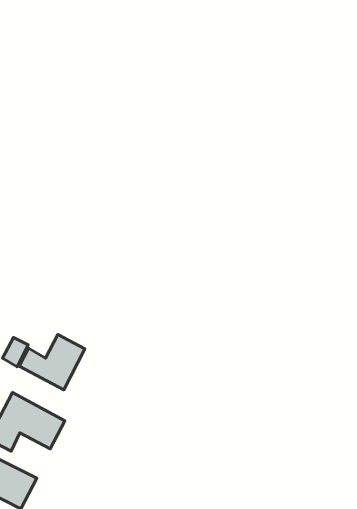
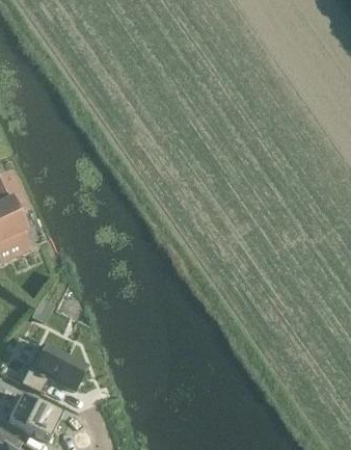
building: [19,335,85,390] -> none

